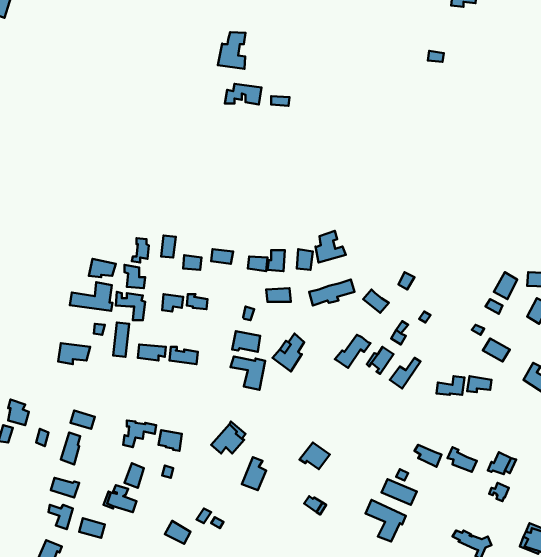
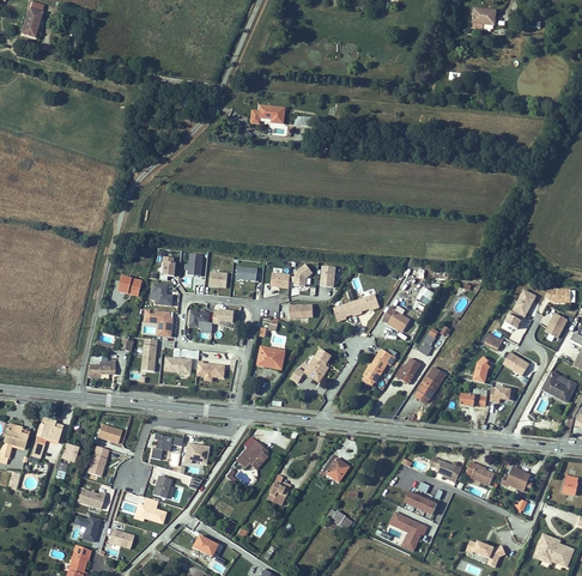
building: [218,32,246,69] -> none
building: [316,231,346,263] -> none
building: [70,282,112,311] -> none
building: [230,356,265,390] -> none

